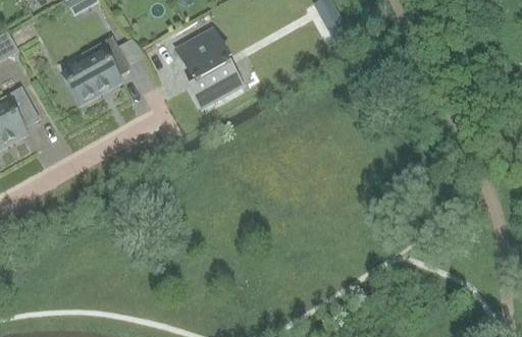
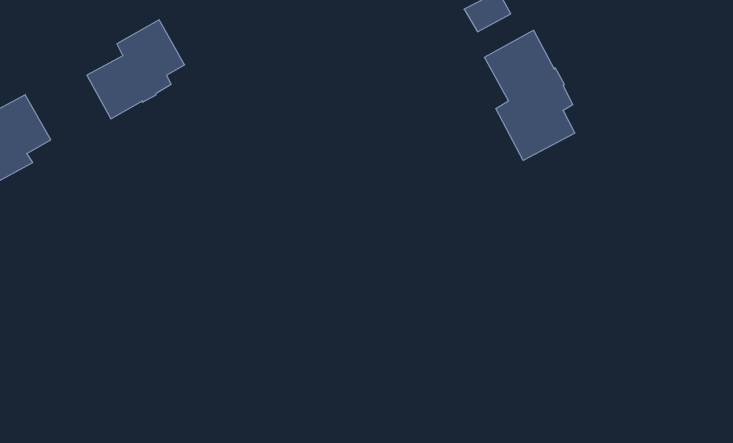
building: [184,27,241,104] -> none
building: none -> [484,30,575,160]

